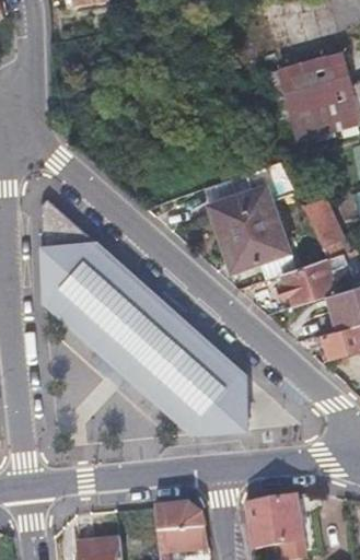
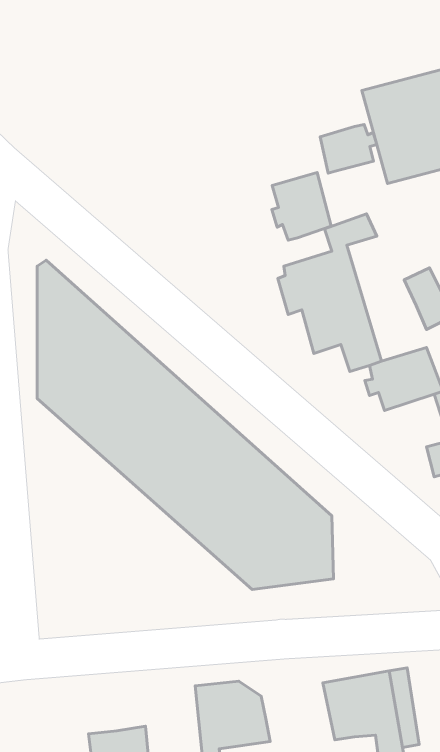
building: none -> [320,124,377,173]
building: none -> [272,173,331,240]

